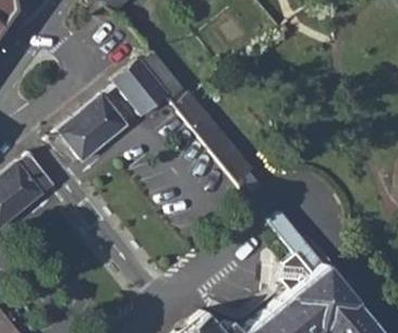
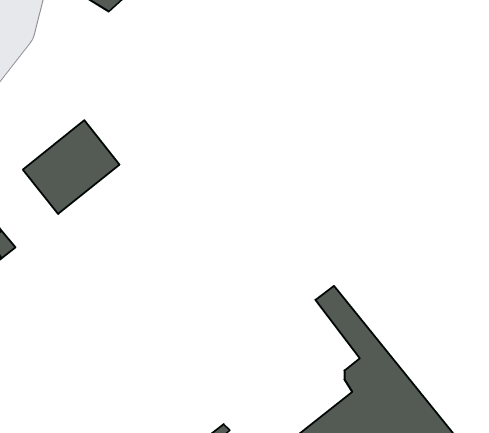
building: [116,49,253,183] -> none

